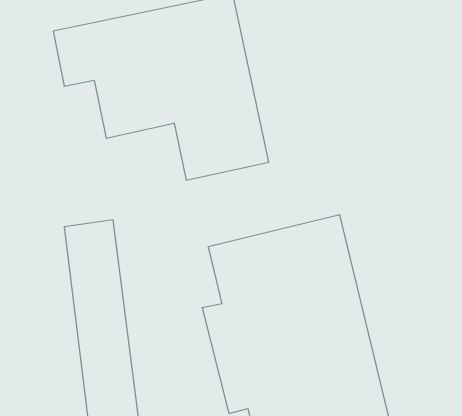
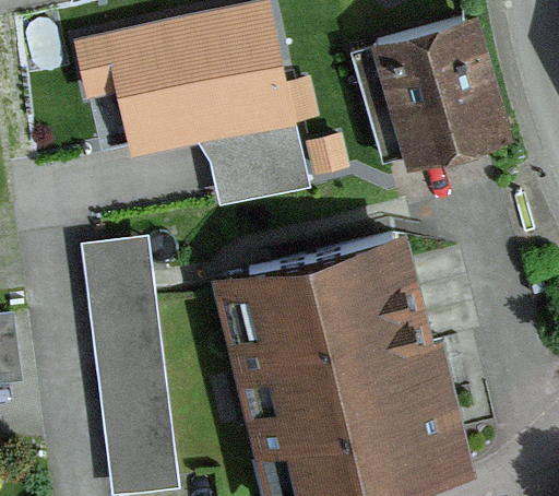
building: none -> [370,25,489,160]

